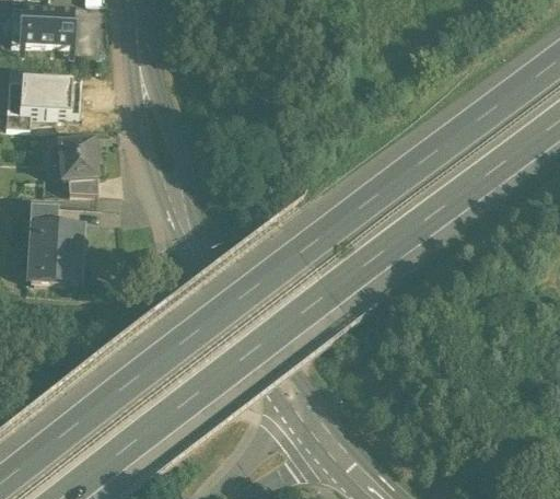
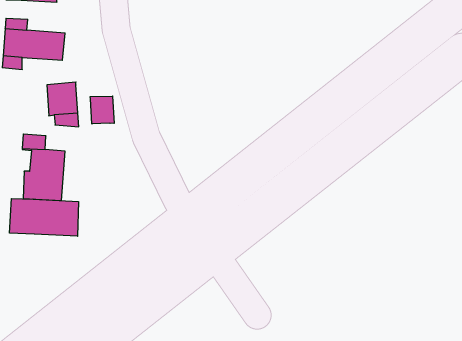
building: none -> [90,96,114,124]
building: none -> [10,199,78,236]

